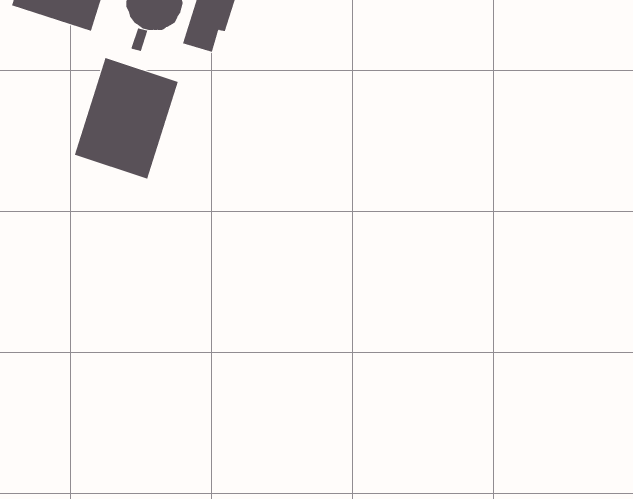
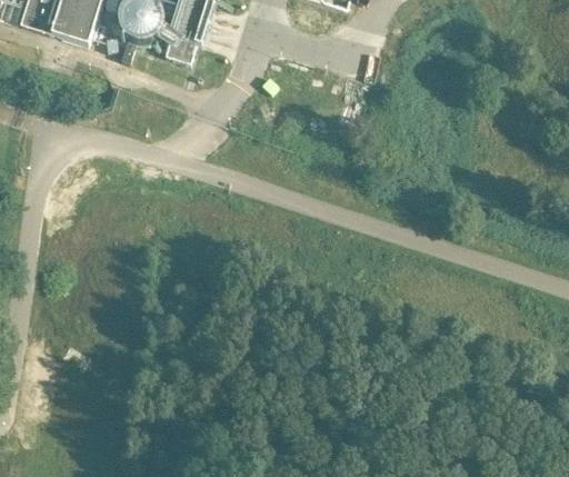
building: [74,57,179,179] -> none

